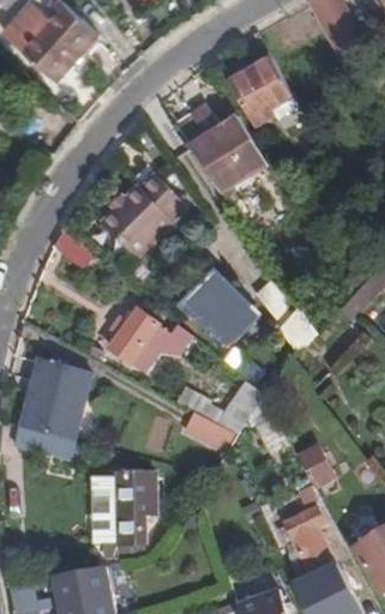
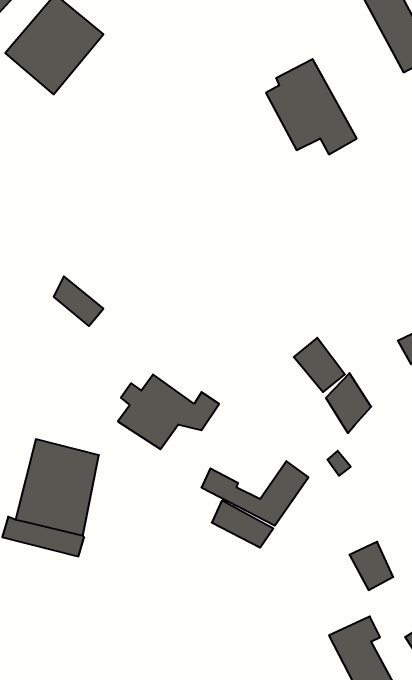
building: [174,113,264,212] -> none
building: [102,173,190,259] -> none
building: [175,265,247,342] -> none
building: [91,471,156,553] -> none

